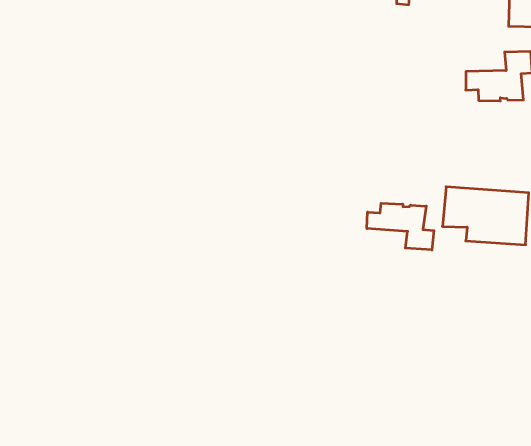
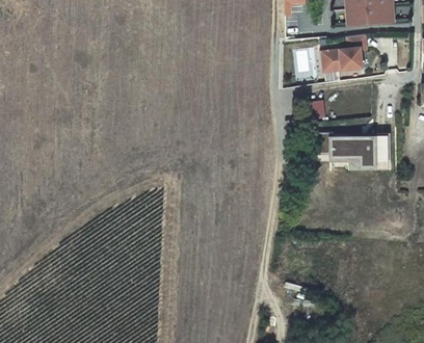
building: [367,203,434,250] -> none

